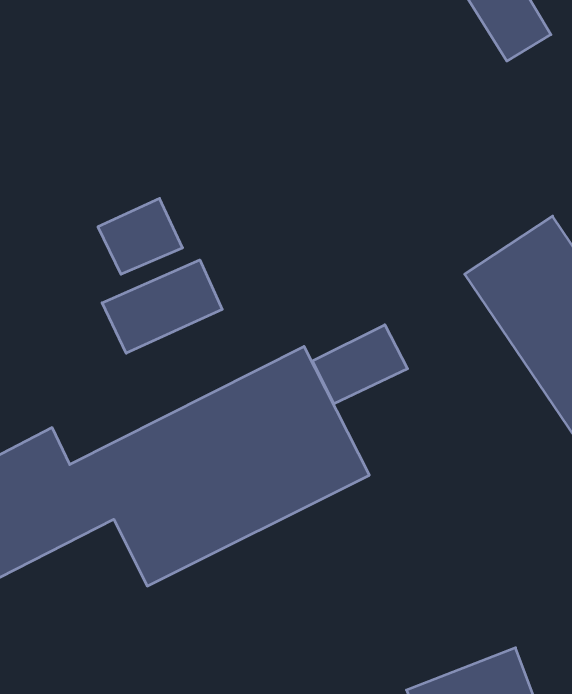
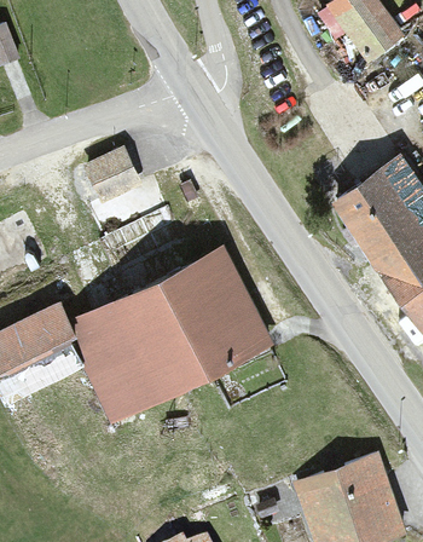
building: [102,260,222,353] -> none
building: [313,325,408,404] -> none

